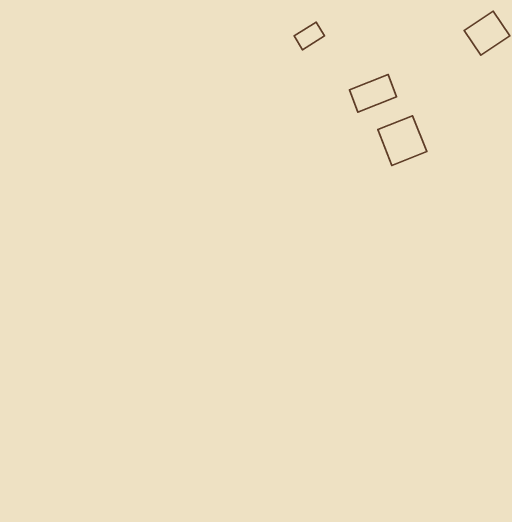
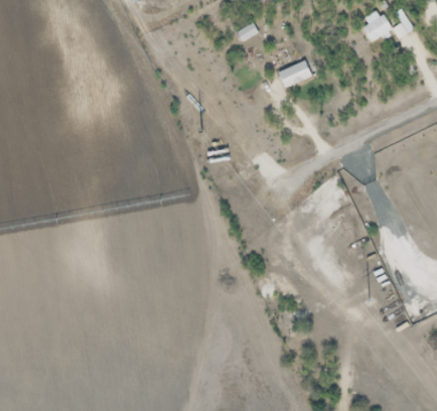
building: [378,116,427,165] -> none

